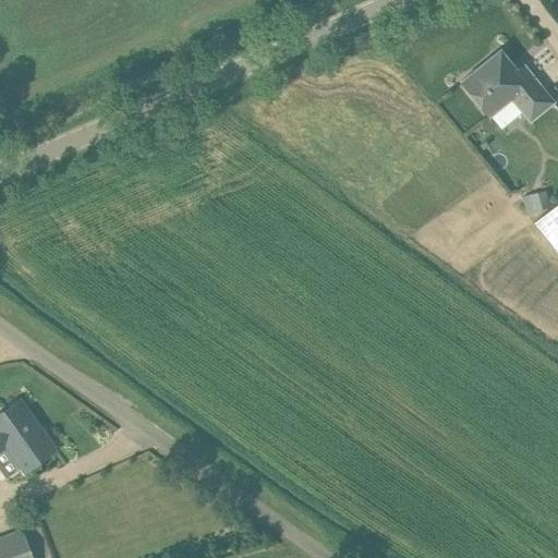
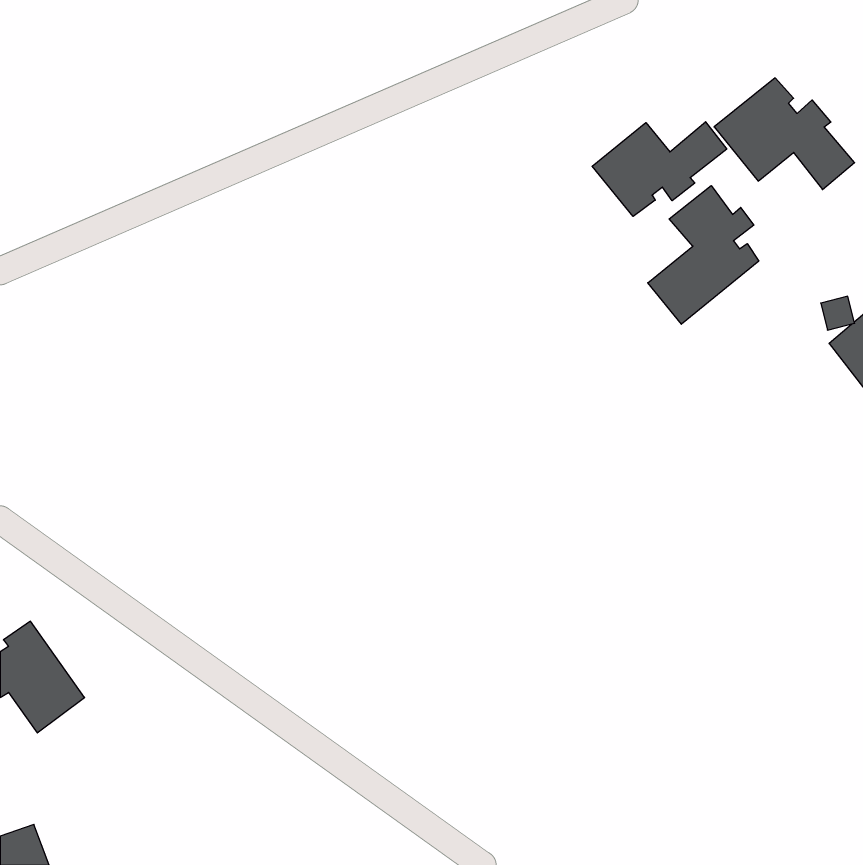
building: none -> [592,122,727,216]
building: none -> [648,186,759,324]

